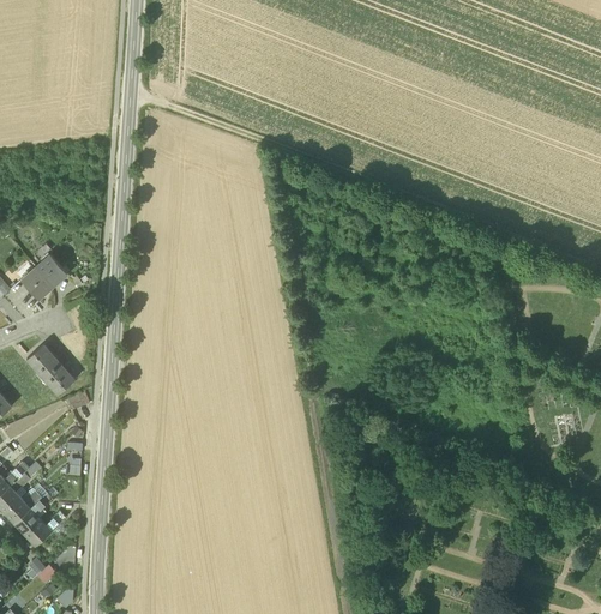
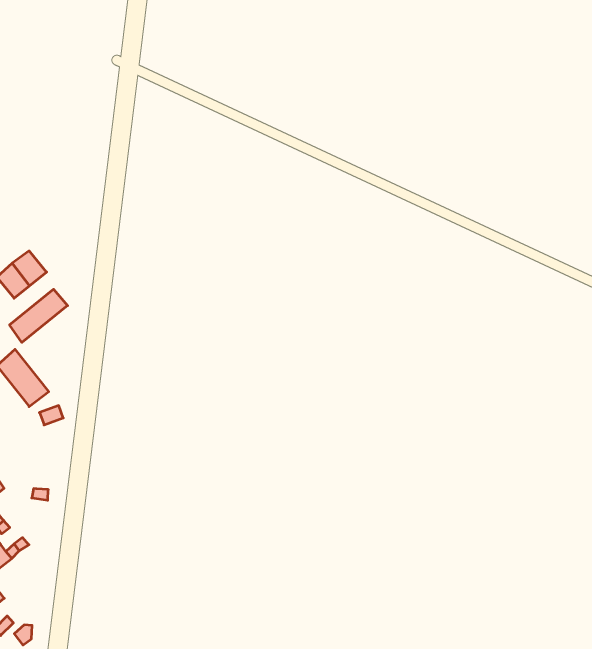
building: none -> [10,289,68,342]

